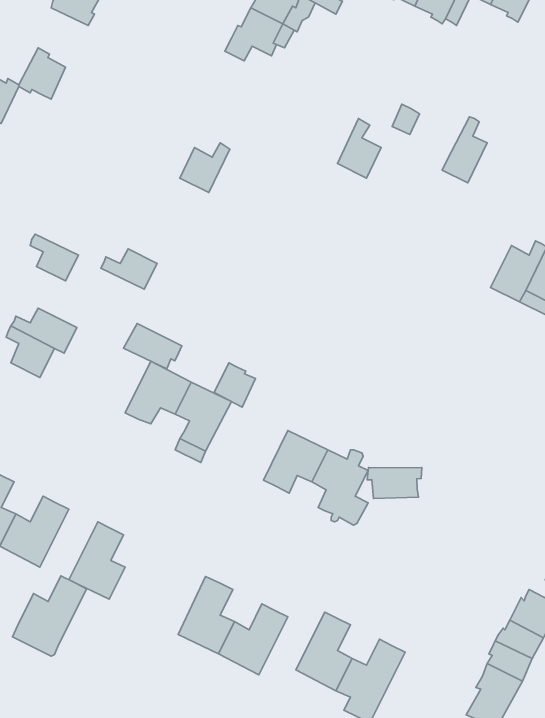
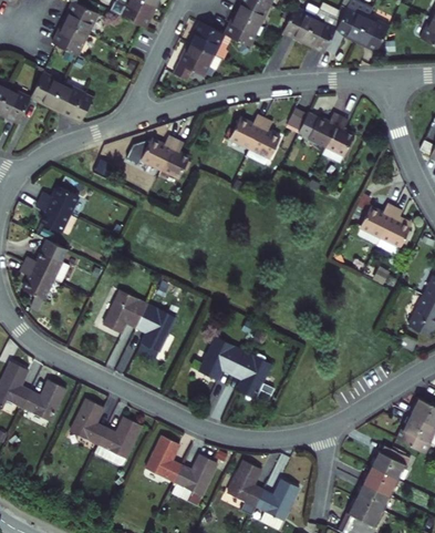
building: none -> [54,83,94,121]
building: none -> [309,113,342,147]
building: none -> [230,115,266,150]
building: none -> [163,140,190,178]
building: [101,249,157,289] -> [43,185,82,213]
building: [123,323,182,369] -> none
building: [214,363,256,407] -> none
building: [367,467,422,498] -> none
building: [13,576,87,656] -> [91,416,142,471]

